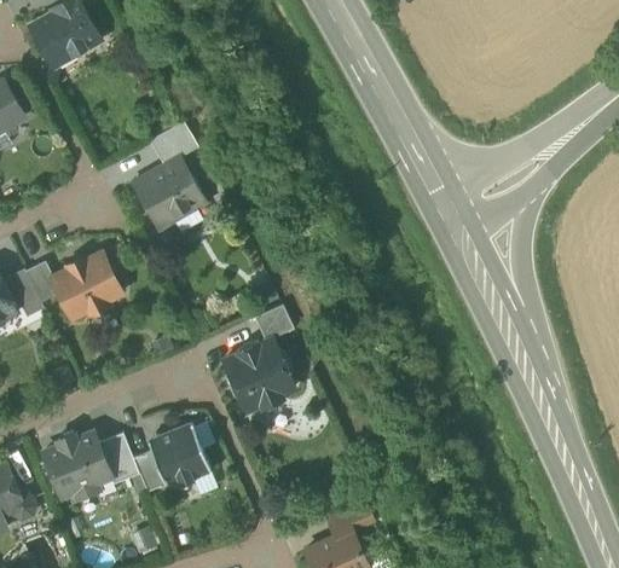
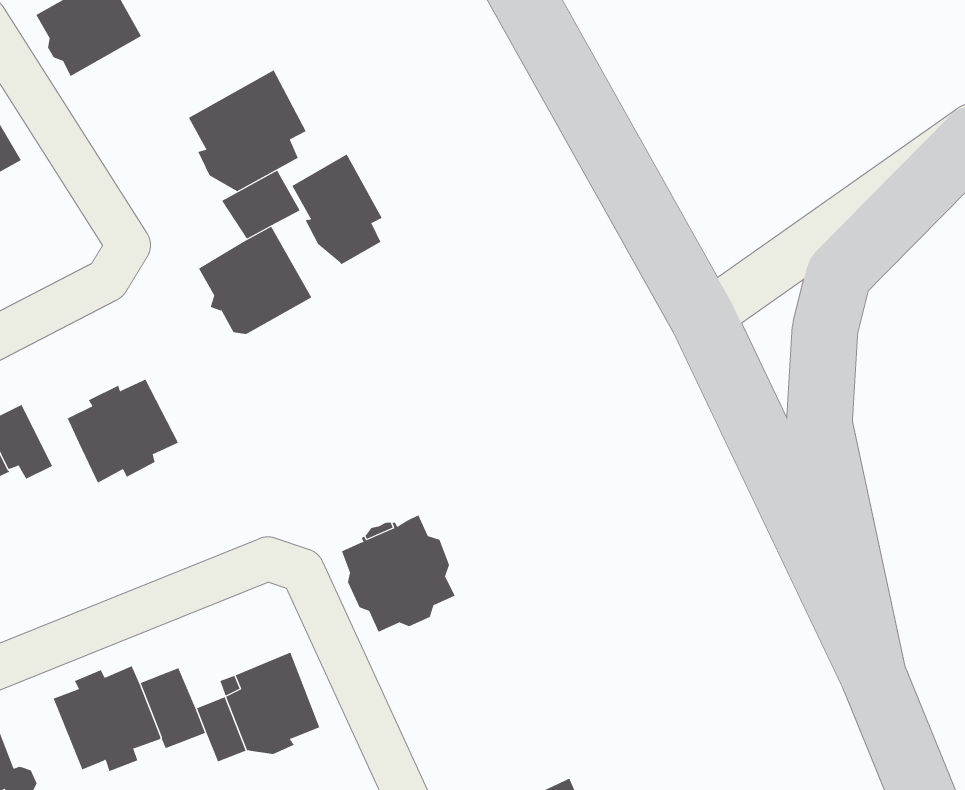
building: none -> [188,69,306,192]
building: none -> [292,154,382,265]
building: [25,261,59,301] -> none
building: [254,305,294,341] -> none

